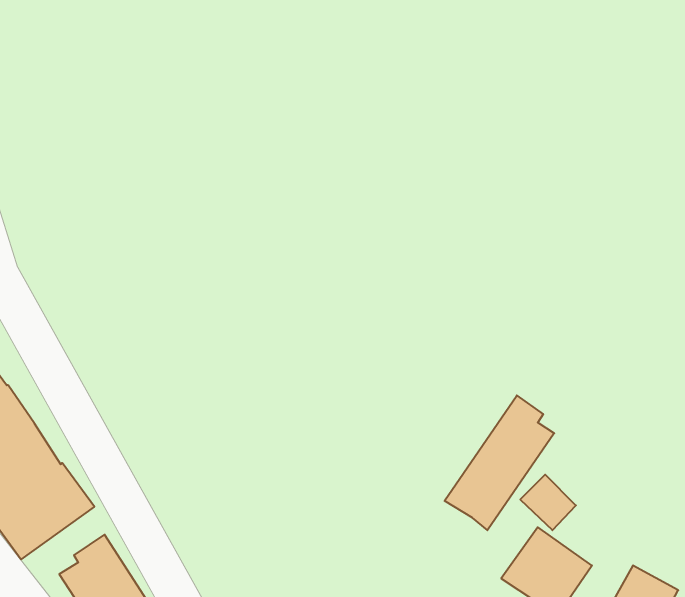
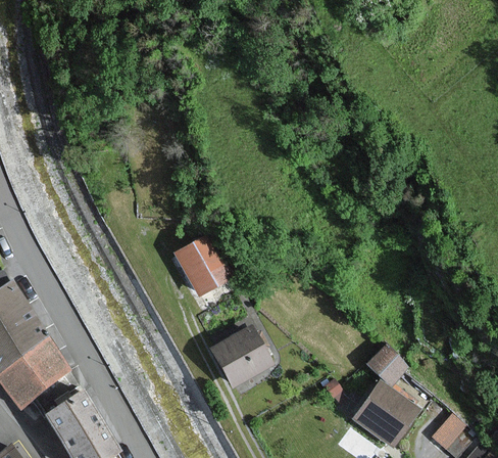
building: none -> [176,236,233,296]
building: [445,395,554,530] -> none
building: none -> [214,329,269,384]

